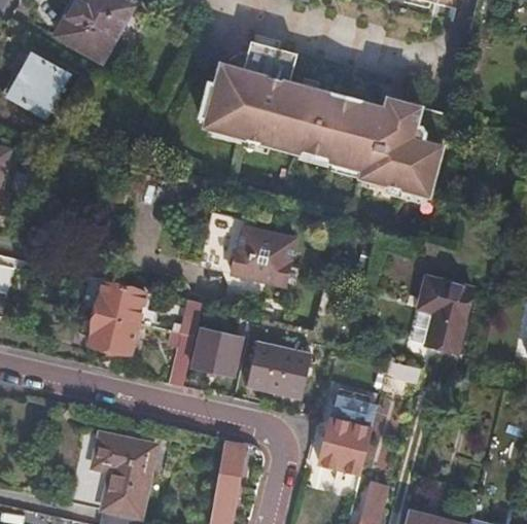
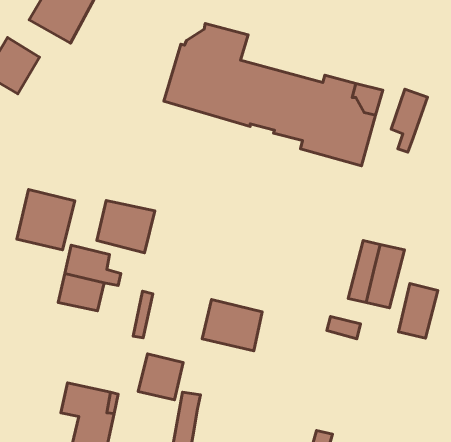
building: none -> [391,89,427,152]
building: none -> [17,190,75,250]
building: [233,228,296,285] -> [97,200,155,253]
building: none -> [399,284,438,338]
building: [190,328,240,379] -> [138,354,183,400]
building: [318,394,376,475] -> none

